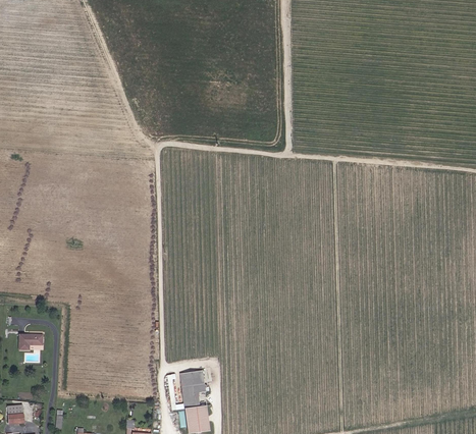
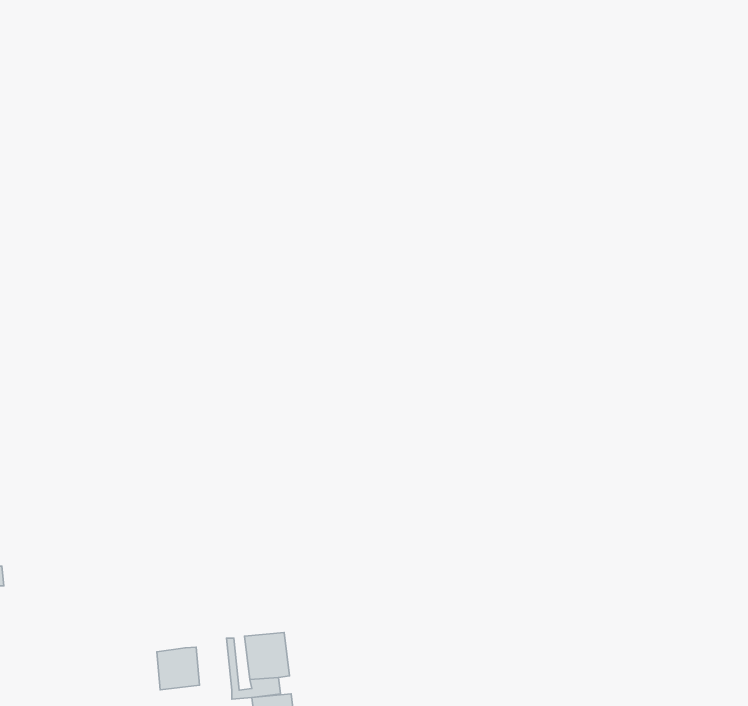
building: none -> [157,647,200,690]

